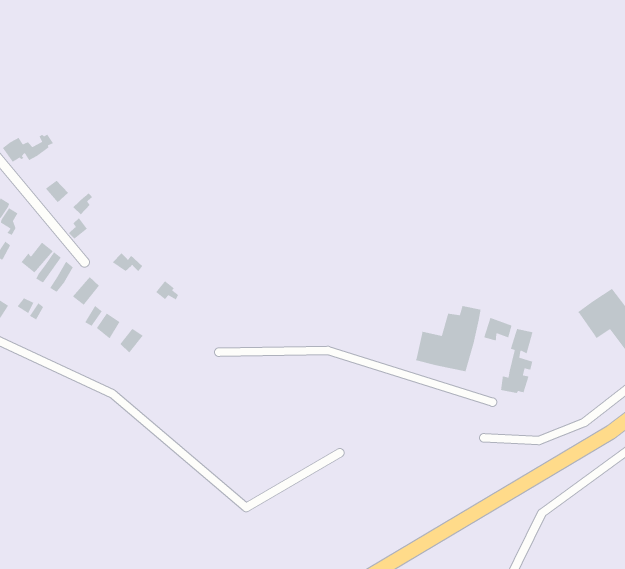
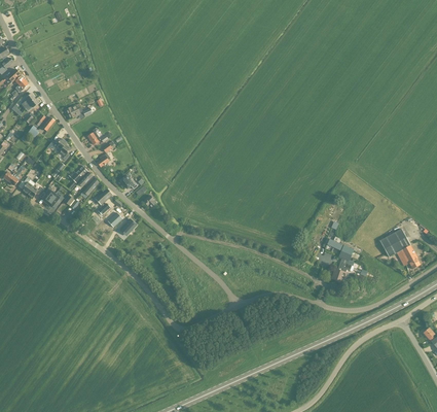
building: [414,305,481,372] -> none

